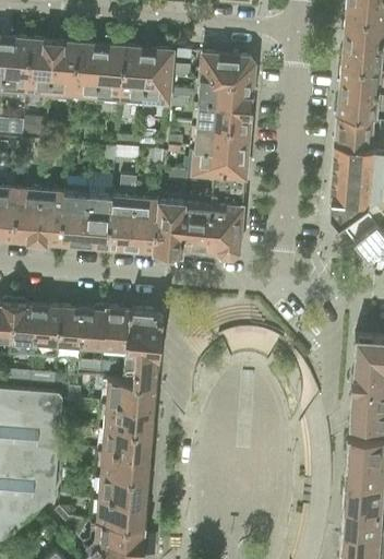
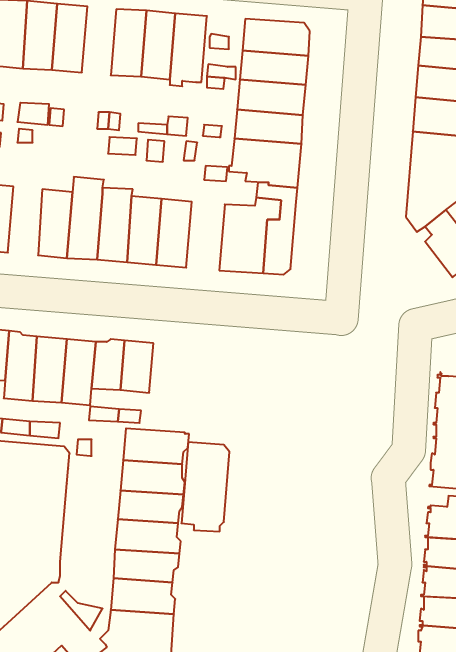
building: [73,43,100,97] -> none
building: [14,186,41,240] -> none
building: [156,198,187,252] -> none
building: [124,310,163,381] -> [181,442,229,531]

